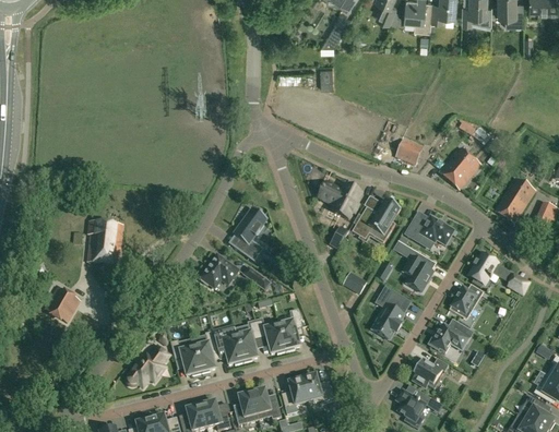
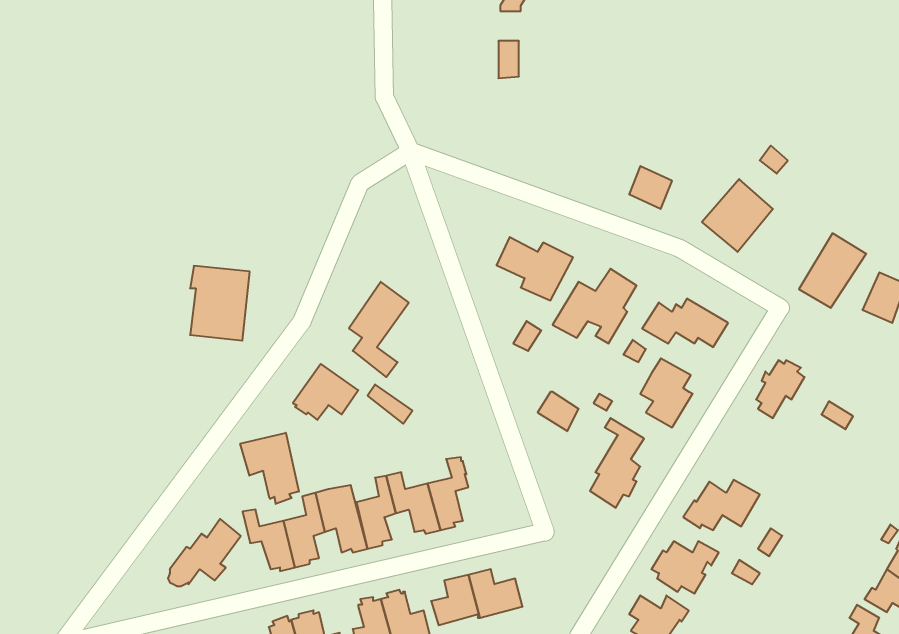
building: [87,220,122,264] -> [190,266,250,341]
building: [449,284,484,320] -> none
building: [45,286,80,321] -> none
building: none -> [240,433,299,504]

